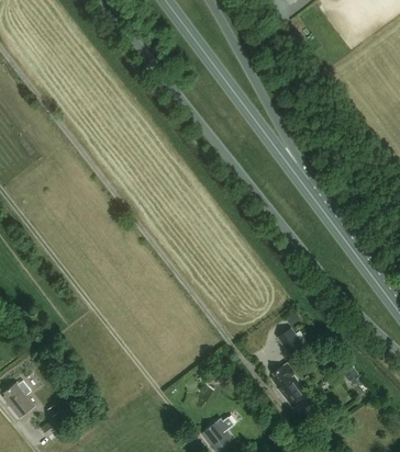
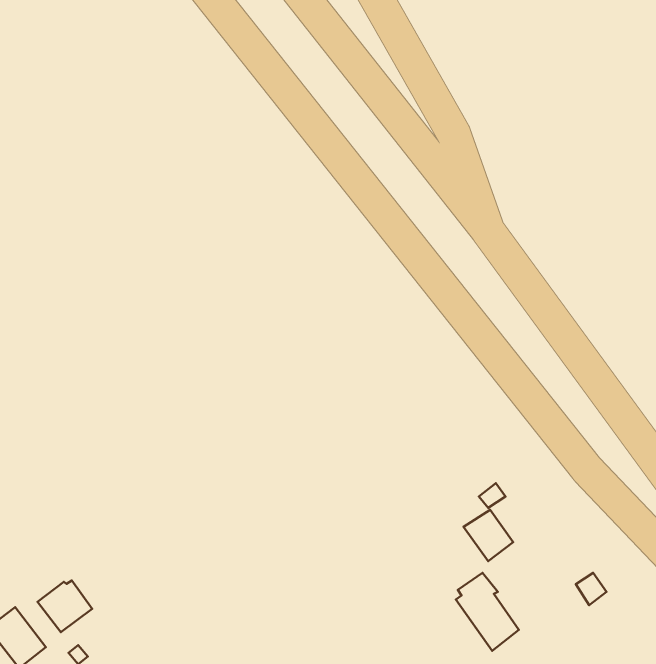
building: none -> [38,580,92,632]

